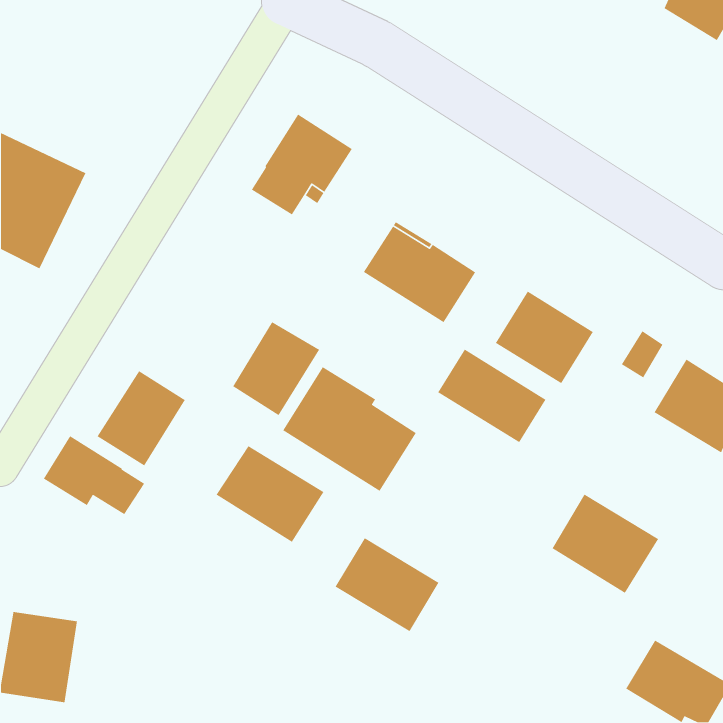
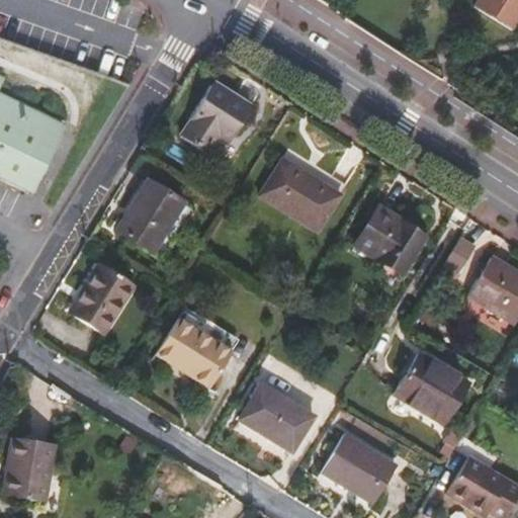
building: [232,321,320,416] -> [119,182,182,250]
building: [437,349,547,443] -> none
building: [282,366,417,492] -> none
building: [43,435,145,515] -> none
building: none -> [322,434,397,503]

